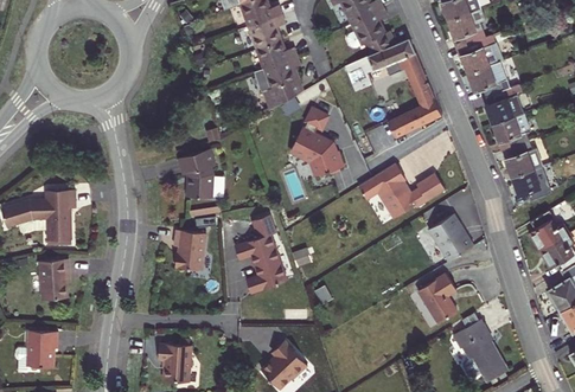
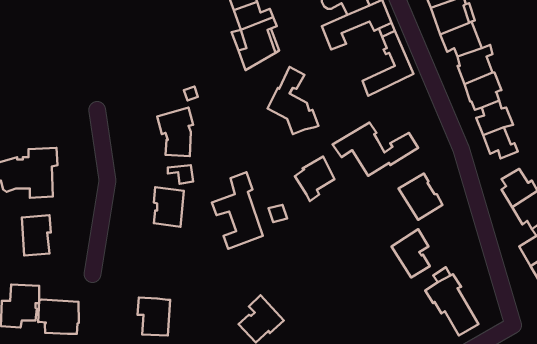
building: none -> [295,157,335,201]
building: none -> [38,300,79,334]

